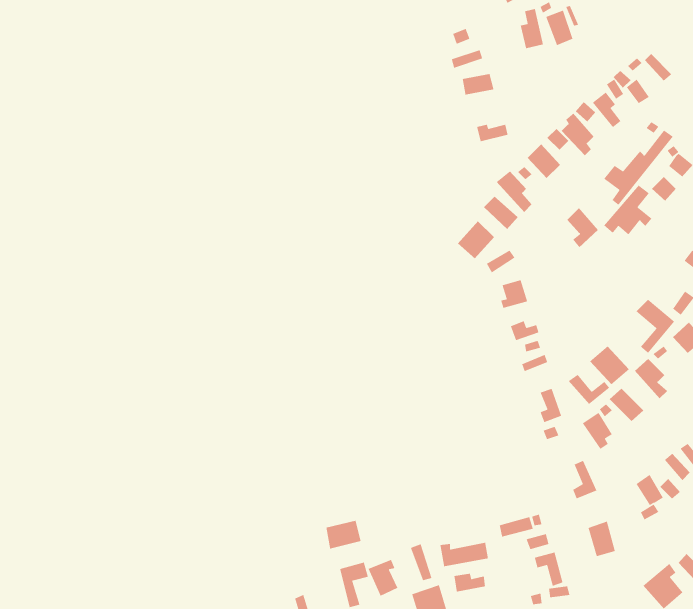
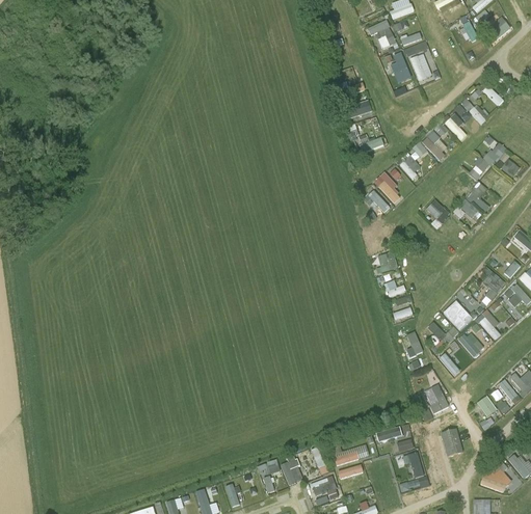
building: [457,220,495,259] -> none
building: [326,520,361,549] -> none

